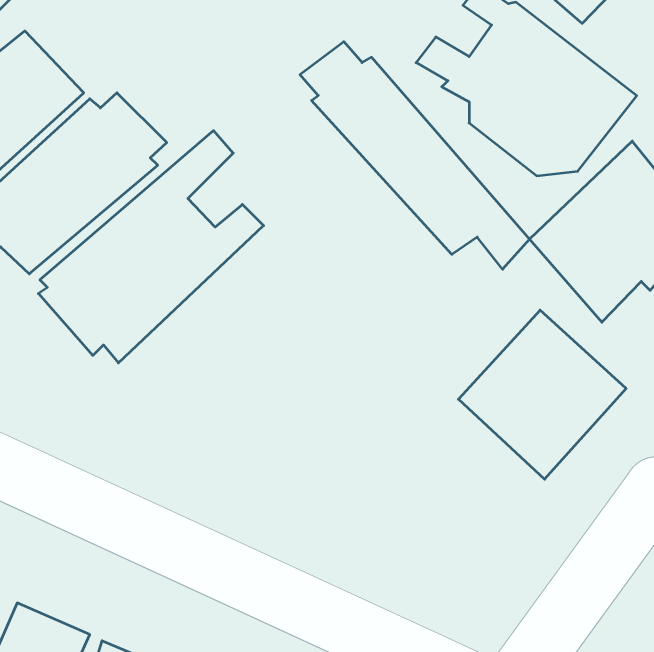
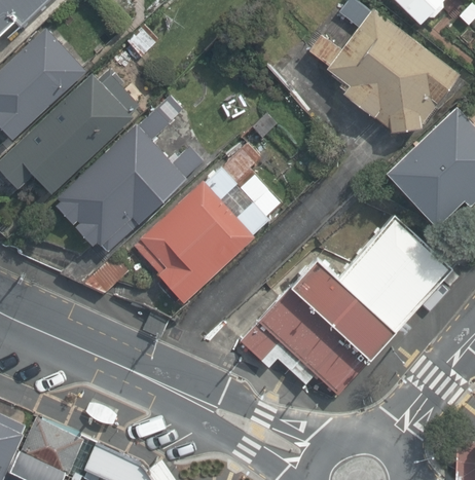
building: [300,42,529,269] -> none
building: none -> [134,143,288,303]
building: none -> [239,259,397,397]

